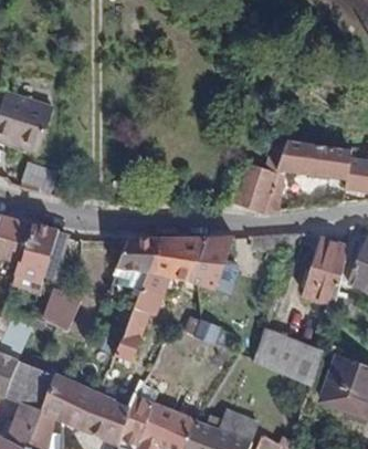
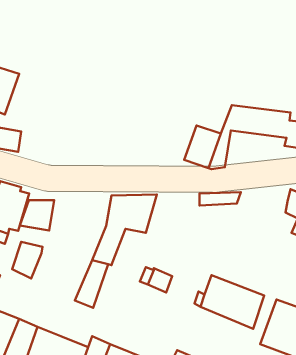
building: [192,238,234,289] -> none
building: [117,240,155,273] -> [20,200,54,230]
building: [303,240,347,306] -> none

